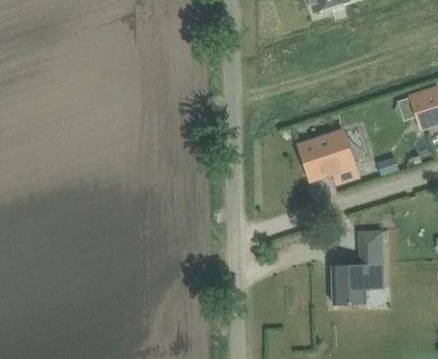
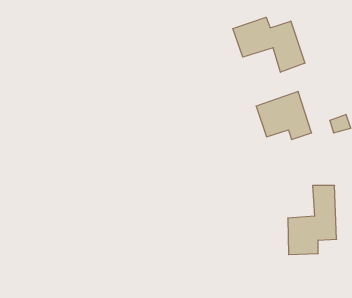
building: none -> [233,17,305,72]

